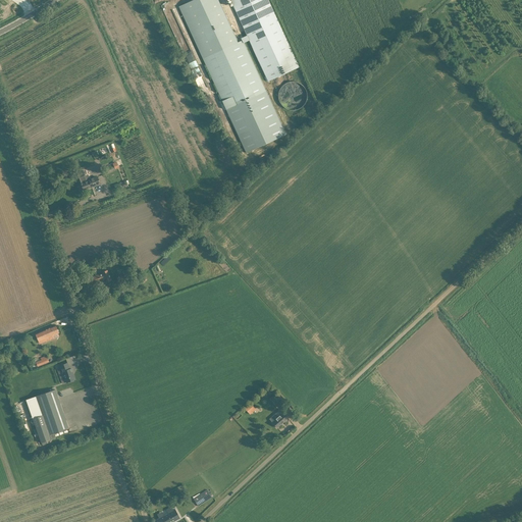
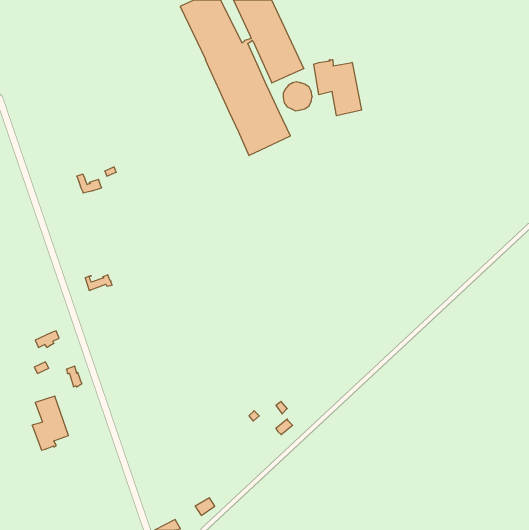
building: none -> [314,60,362,116]

